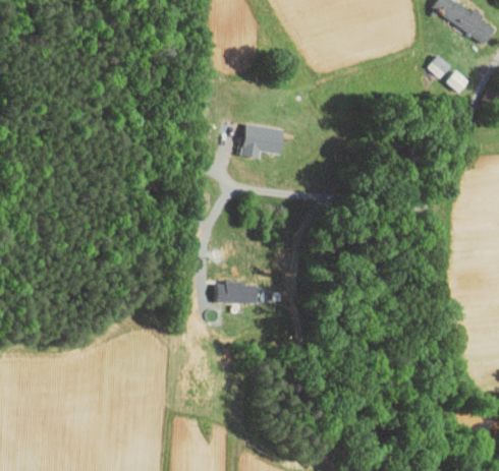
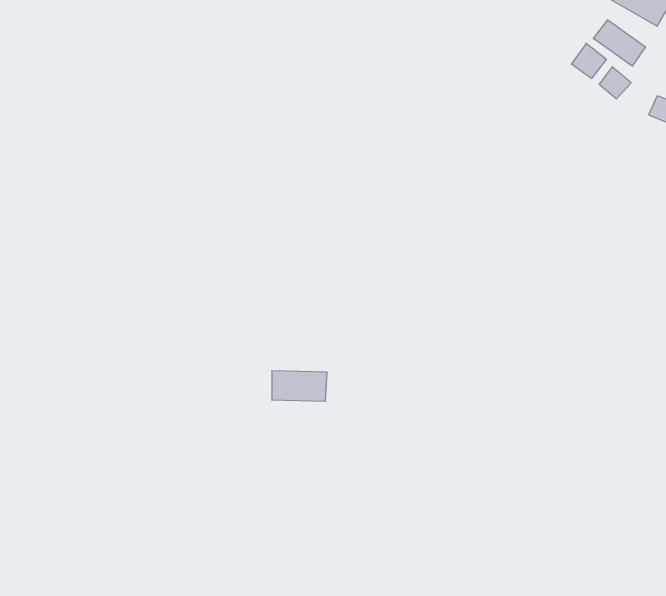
building: none -> [593,20,646,66]
building: [242,123,283,155] -> none

